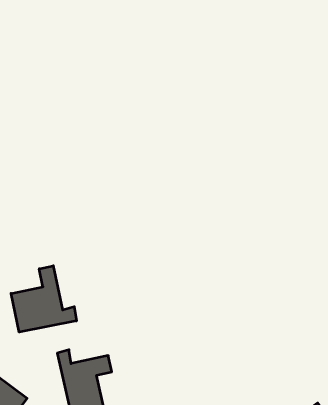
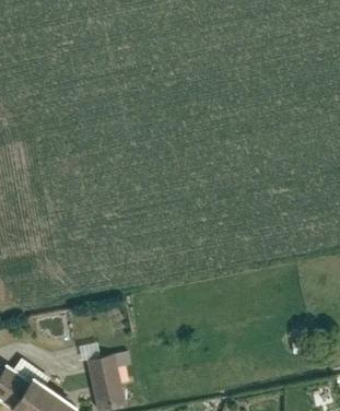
building: [11,266,76,332] -> none

